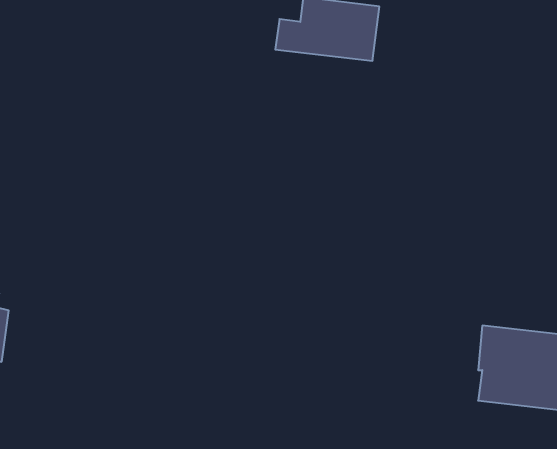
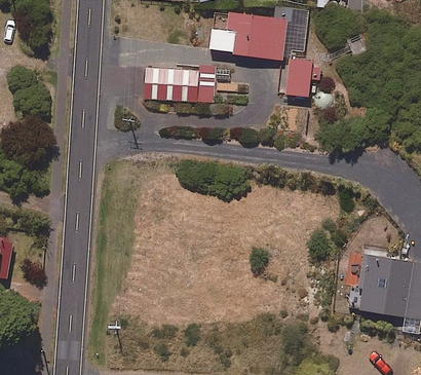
building: none -> [286,57,311,97]
building: none -> [144,66,213,101]

